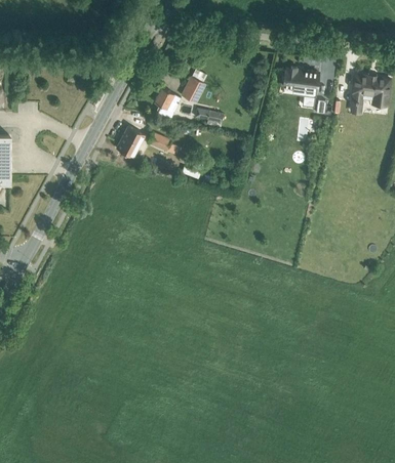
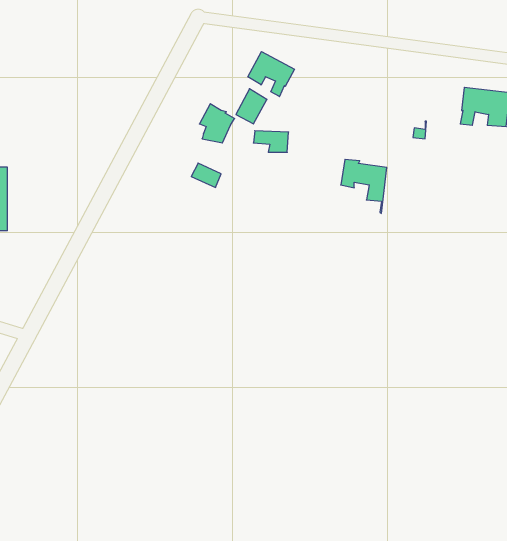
building: none -> [248,52,294,97]
building: [282,68,317,109] -> [341,159,387,213]
building: [115,127,144,159] -> none

